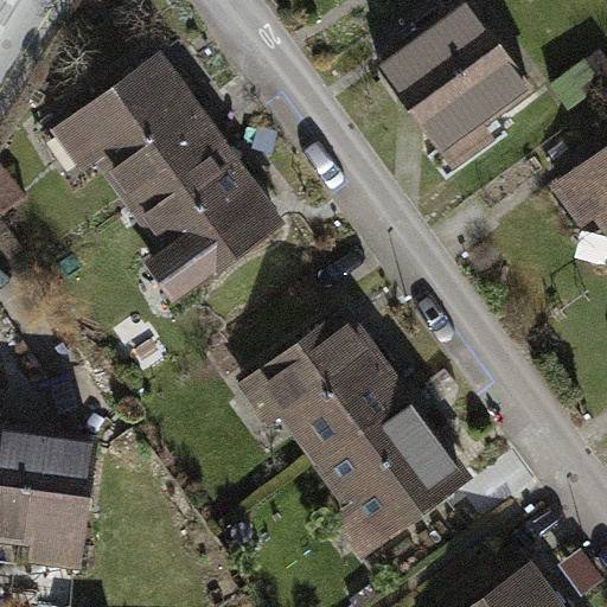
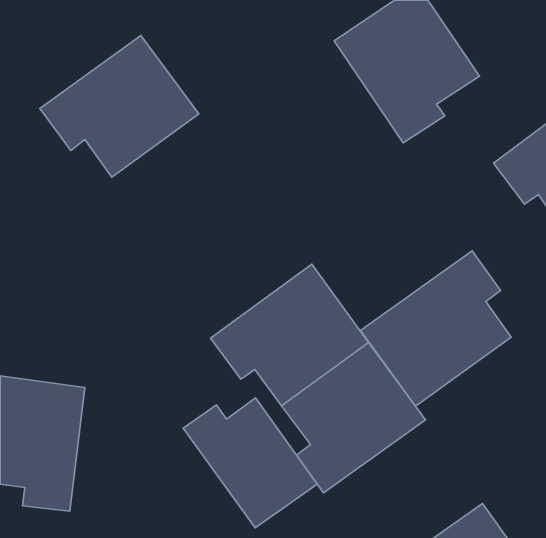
building: [127,138,285,304] -> none
building: none -> [361,251,511,406]
building: none -> [183,398,317,528]

